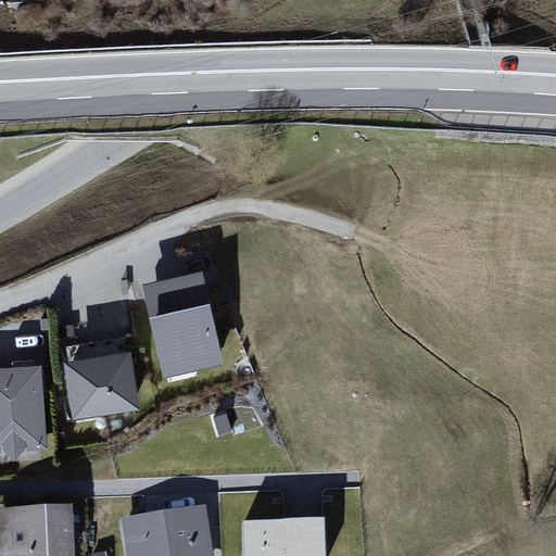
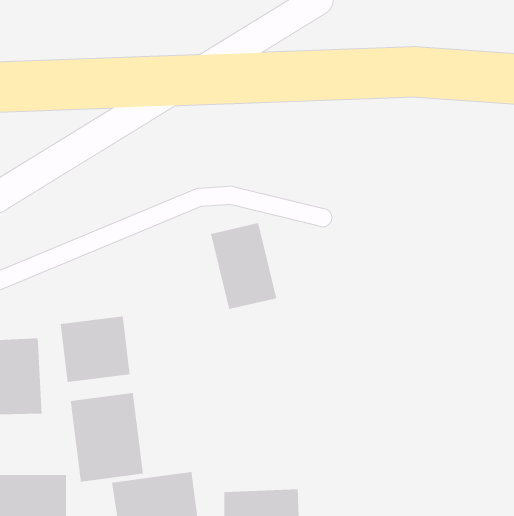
building: [146,275,217,368] -> [210,223,277,310]
building: none -> [70,392,143,482]

